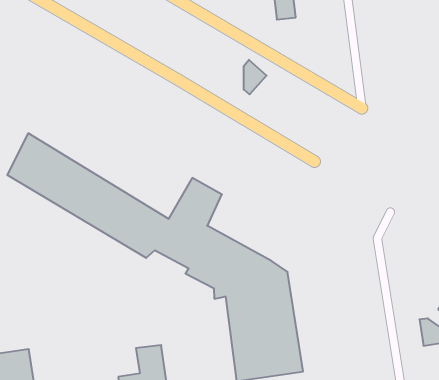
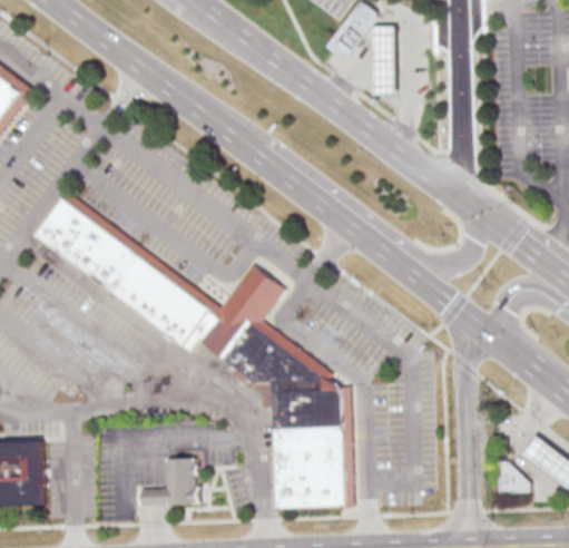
building: [244,60,267,94] -> none

